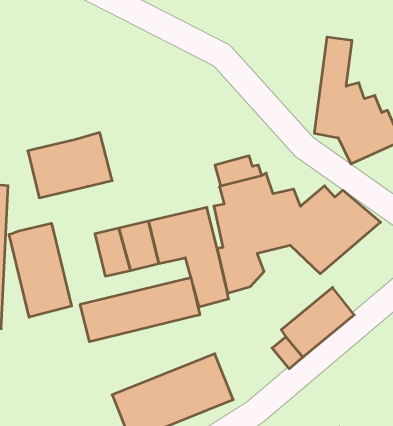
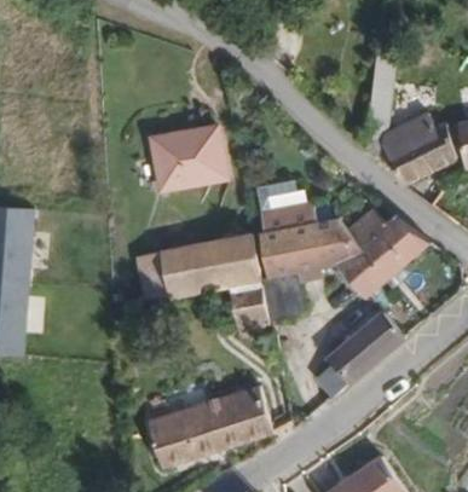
building: [28,133,112,198] -> [144,125,233,193]
building: [9,223,72,317] -> none
building: [80,277,200,342] -> none

